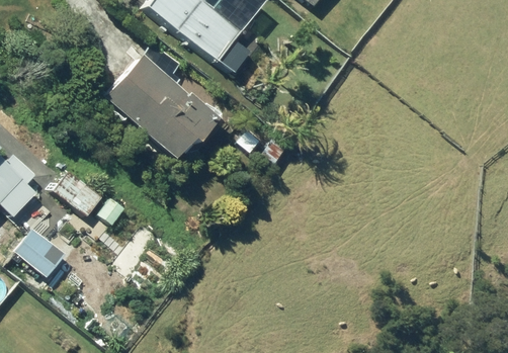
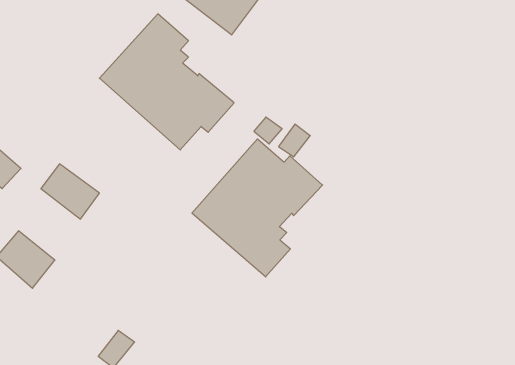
building: none -> [192,139,323,277]

